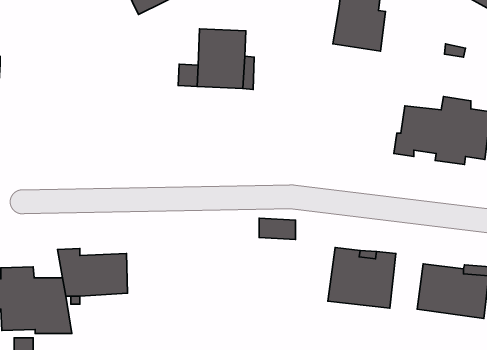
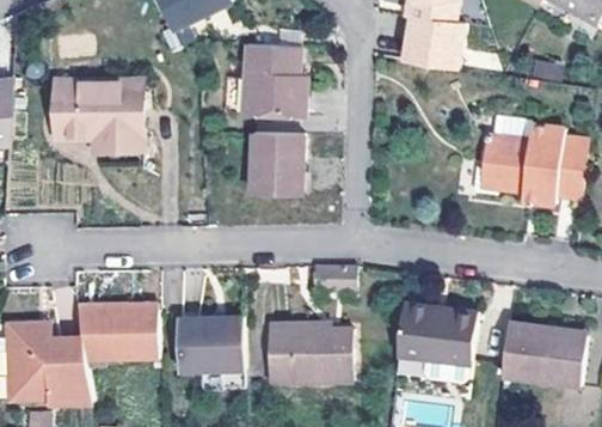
building: none -> [54,84,139,150]
building: none -> [248,135,305,196]
building: none -> [179,316,245,371]
building: none -> [269,322,354,380]

